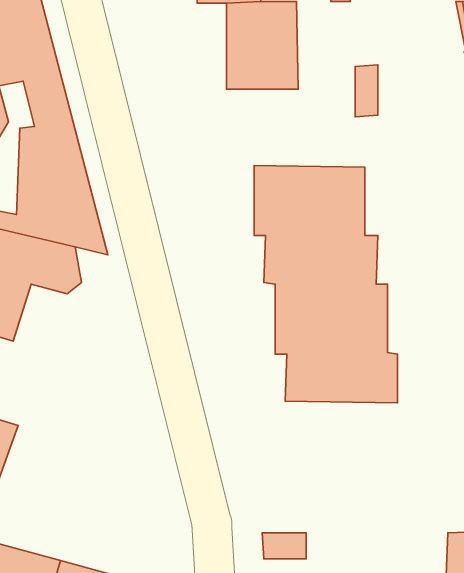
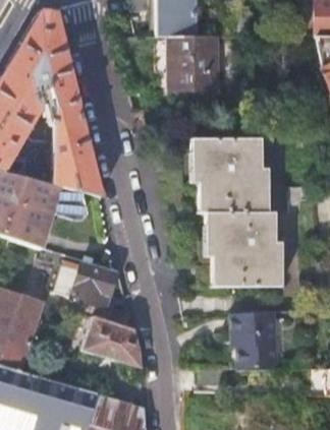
building: none -> [54,259,115,307]
building: none -> [233,312,277,368]
building: none -> [81,316,142,366]

